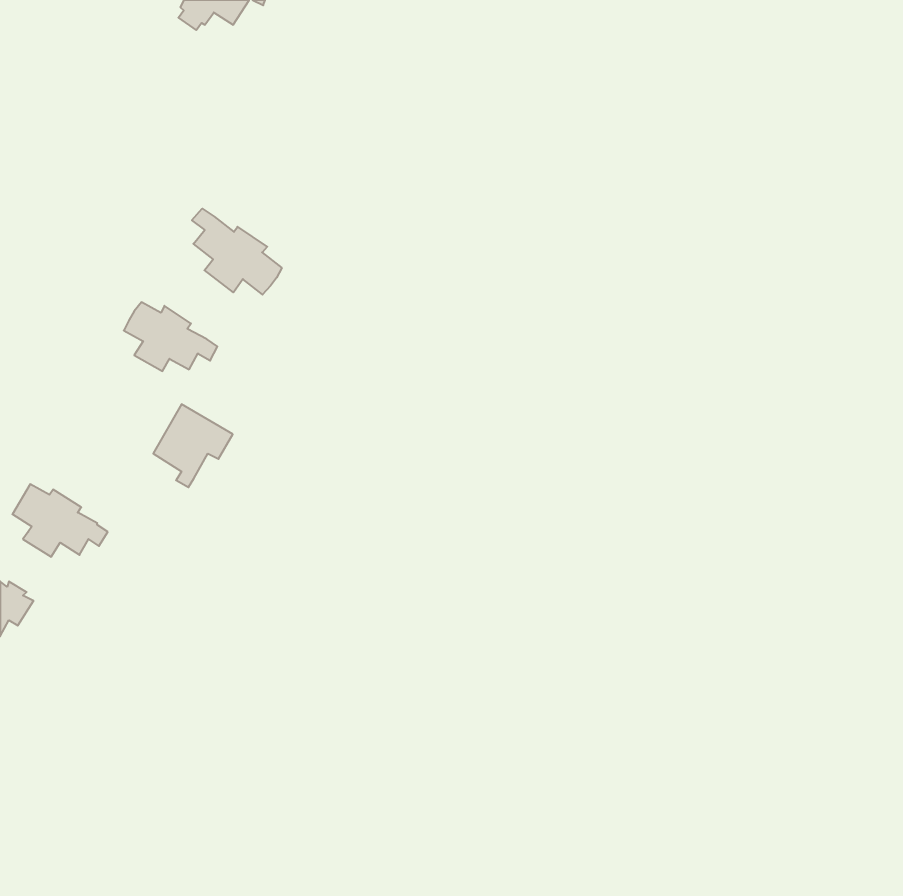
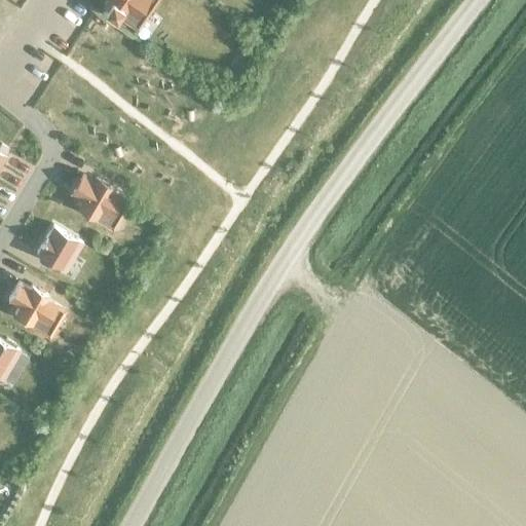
building: [192,209,282,295] -> none
building: [153,404,233,487] -> [36,228,82,276]

